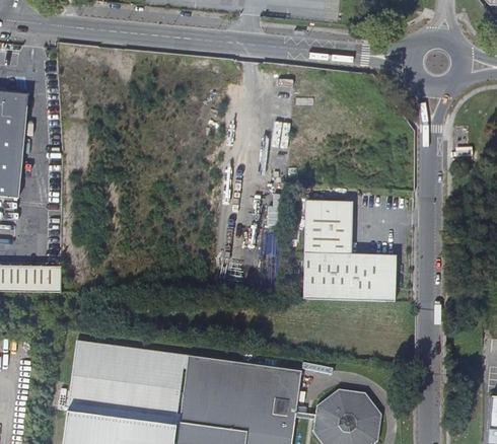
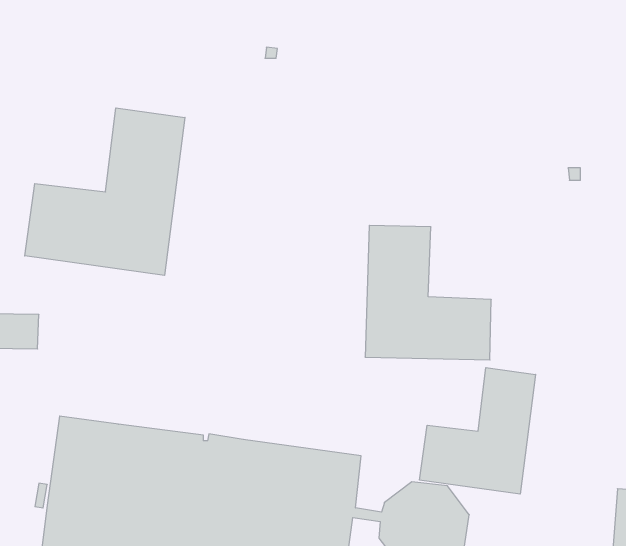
building: none -> [25,108,185,275]
building: none -> [420,368,536,494]

